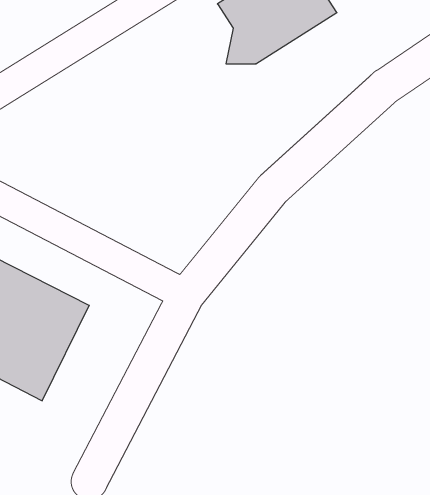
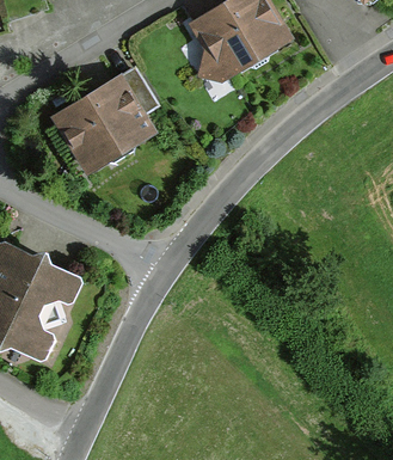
building: none -> [50,74,154,173]

